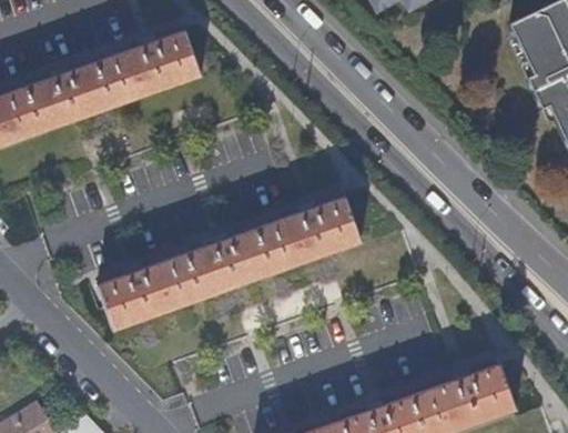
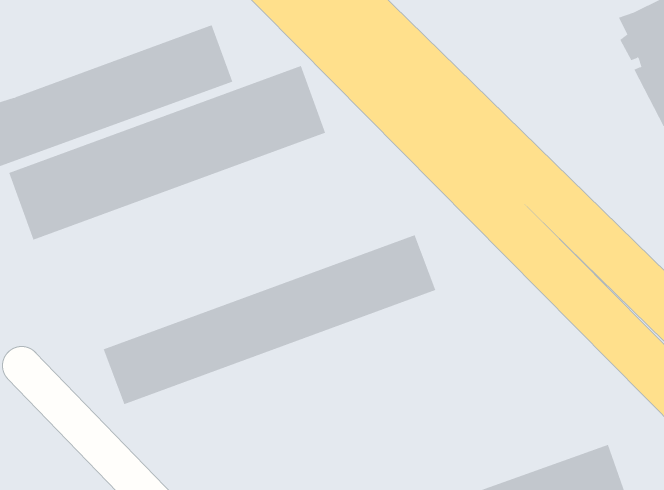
building: none -> [9,65,326,240]

